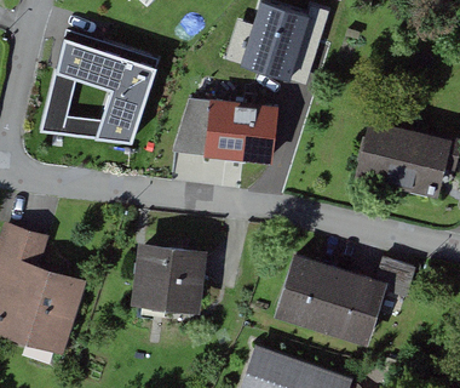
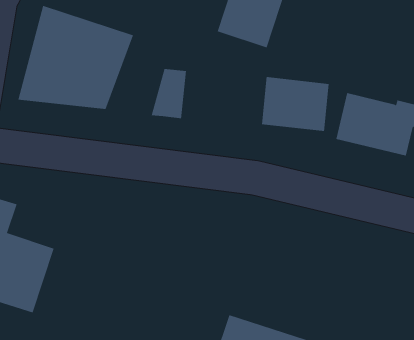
building: [207,103,276,159] -> [261,76,330,132]
building: [139,247,201,307] -> none
building: [268,249,383,342] -> none

